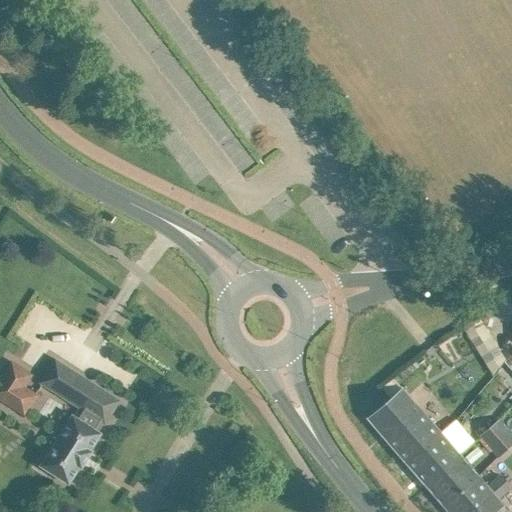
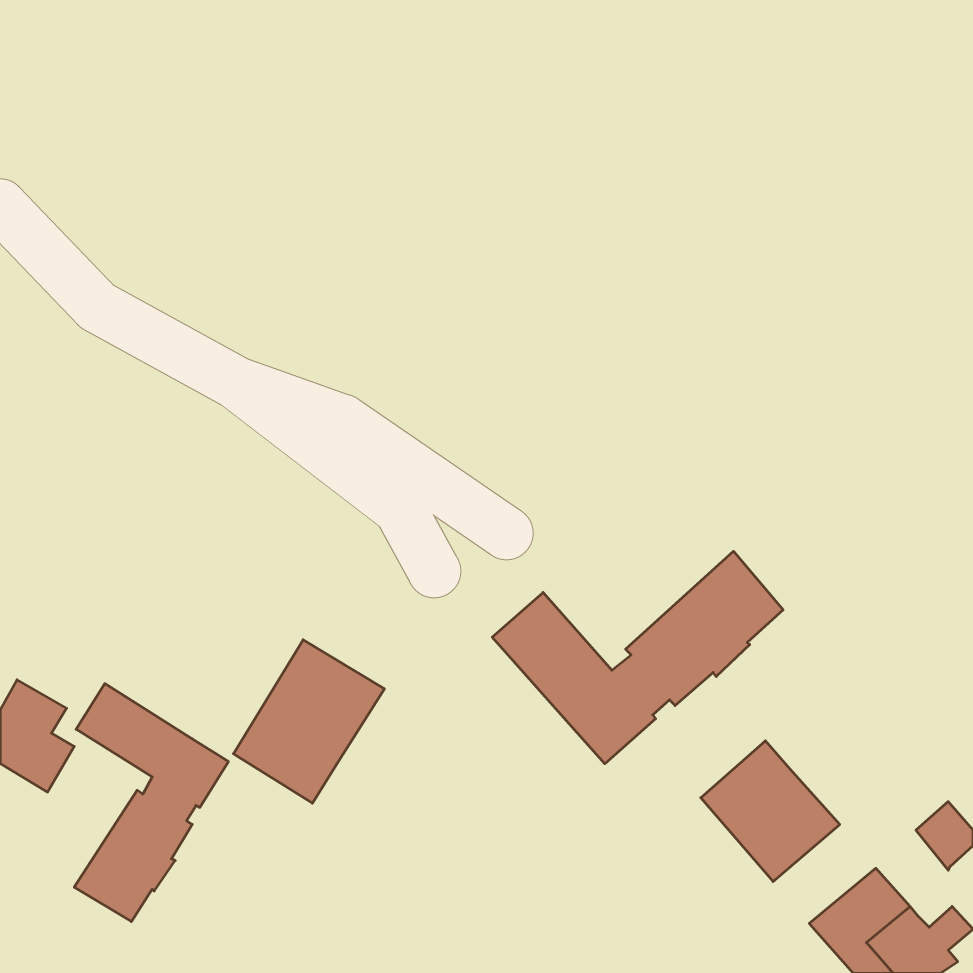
building: none -> [492,551,783,764]
building: none -> [233,640,384,803]
building: [406,421,475,485] -> none

